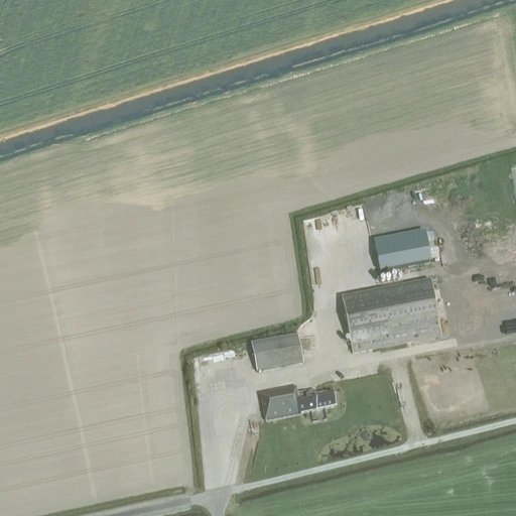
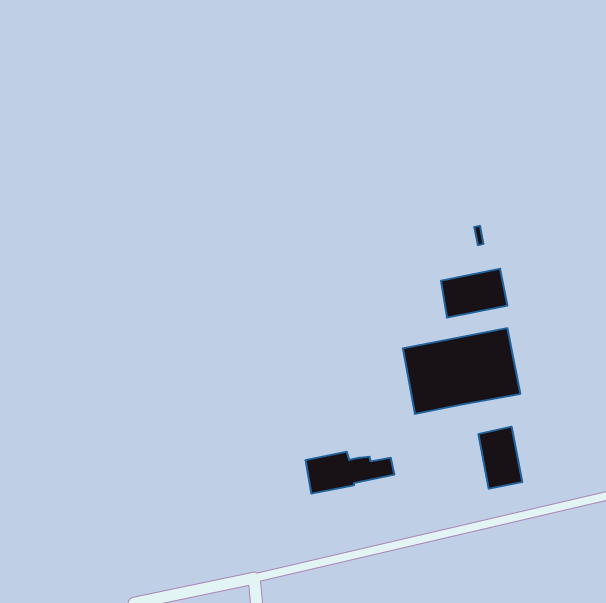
building: [251,332,303,369] -> none
building: none -> [479,427,522,489]

